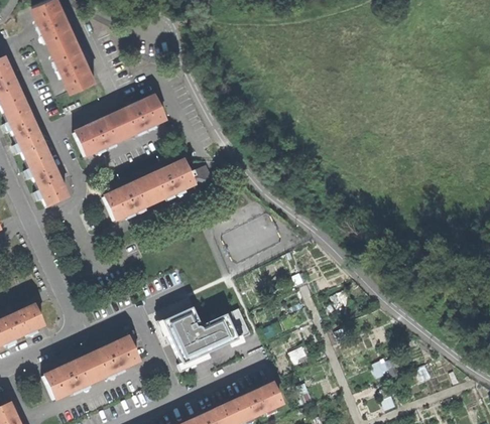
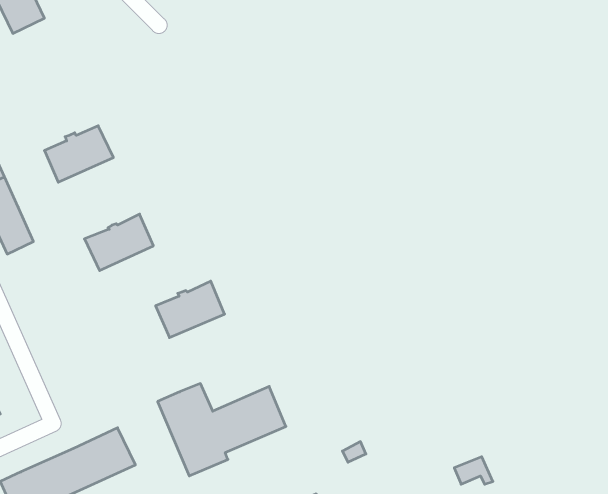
building: [51,35,96,89] -> none
building: [114,96,165,137] -> none
building: [144,160,195,201] -> [156,281,225,338]

